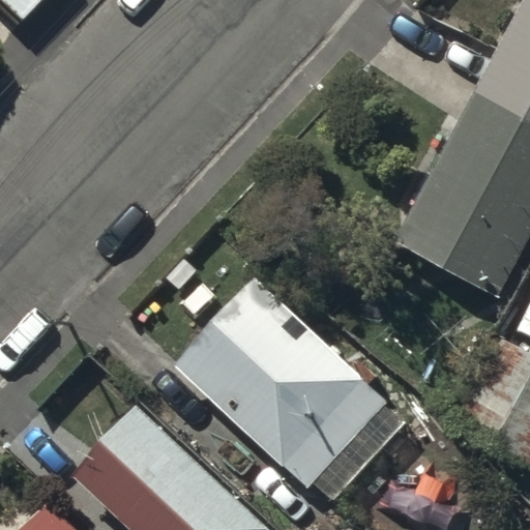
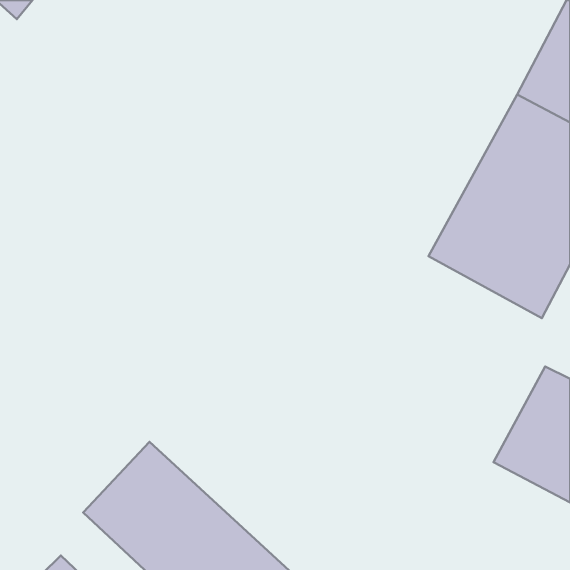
building: [176,279,388,488] -> none

